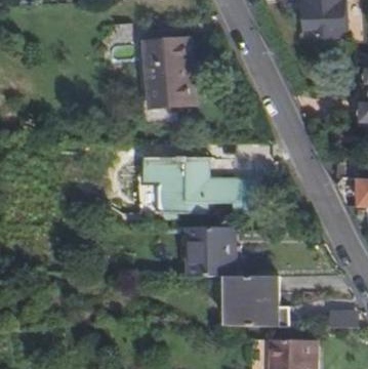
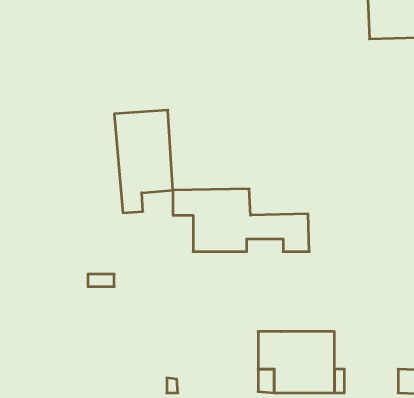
building: [142,39,191,123] -> [114,110,173,213]
building: [187,228,232,276] -> none

